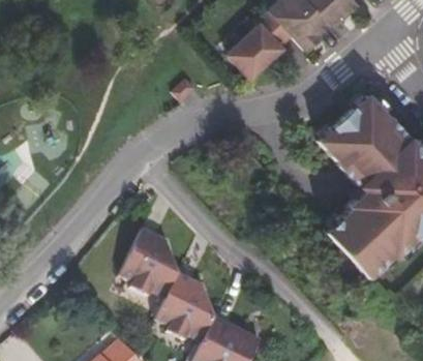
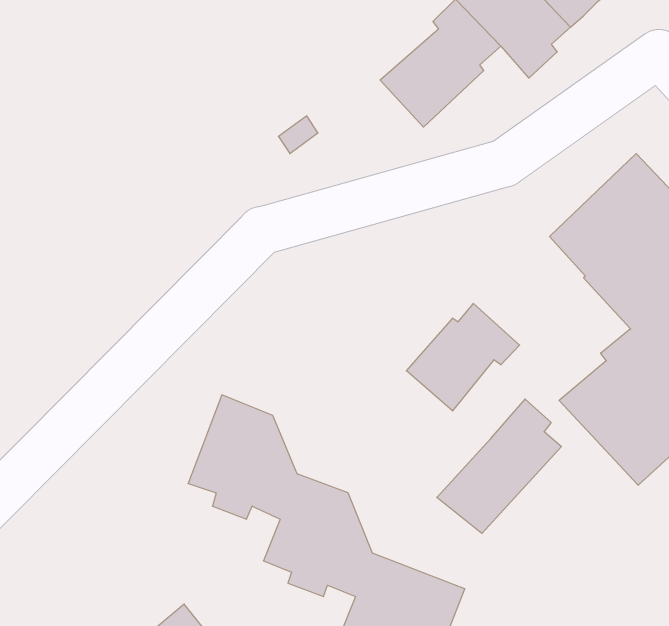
building: none -> [406,304,520,411]
building: none -> [437,399,561,533]

